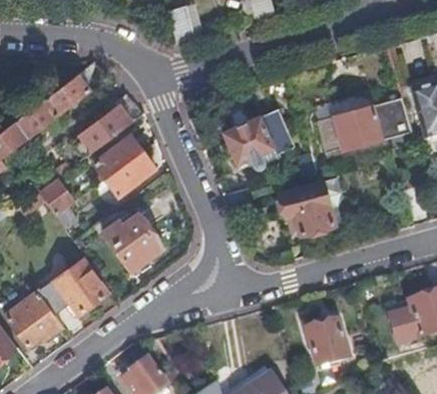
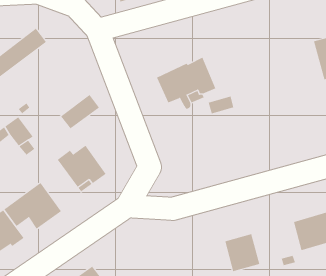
building: [317,98,415,153] -> none
building: [74,107,130,159] -> none
building: [94,137,142,180] -> none
building: [276,182,335,237] -> none

